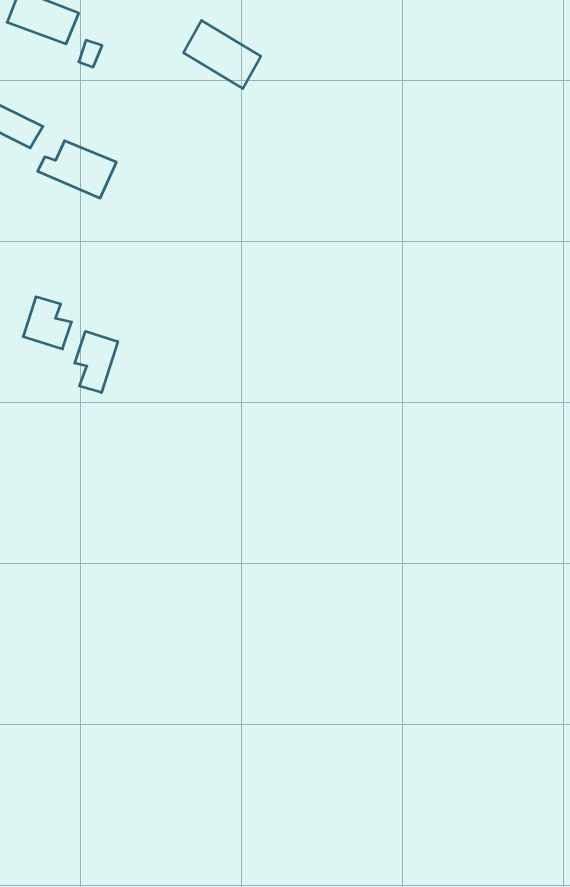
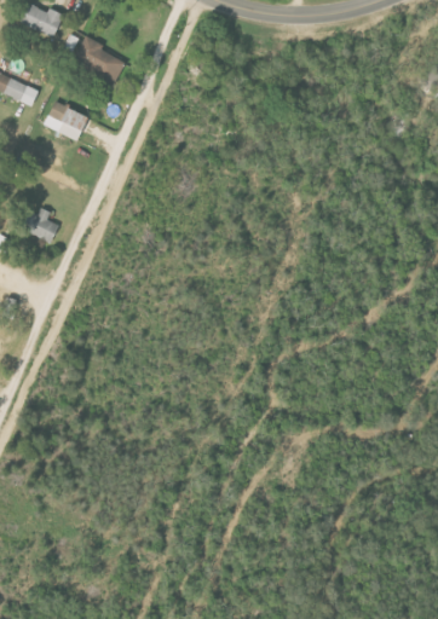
building: [184,20,261,89] -> [73,37,125,83]
building: [75,331,118,393] -> none

